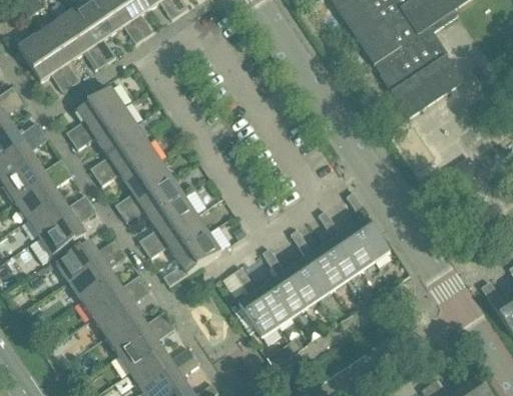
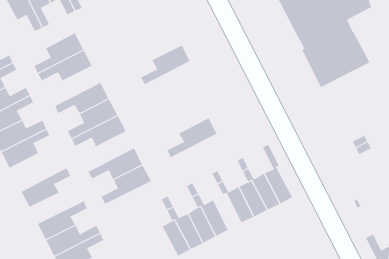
building: [90,123,147,175] -> [140,45,190,85]
building: [139,195,196,249] -> [167,118,217,158]
building: [55,239,119,282] -> none
building: [297,255,333,298] -> none
building: [80,275,144,317] -> none

